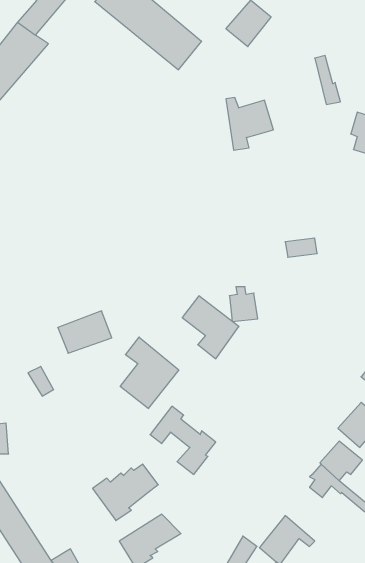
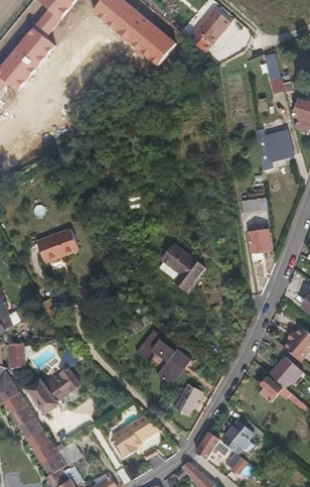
building: [226,98,273,150] -> [255,129,292,170]
building: [229,287,258,321] -> [248,225,270,252]
building: [58,311,112,353] -> [35,229,78,262]
building: [120,337,179,409] -> none
building: [93,464,158,521] -> [27,369,79,413]
building: none -> [173,383,201,414]

